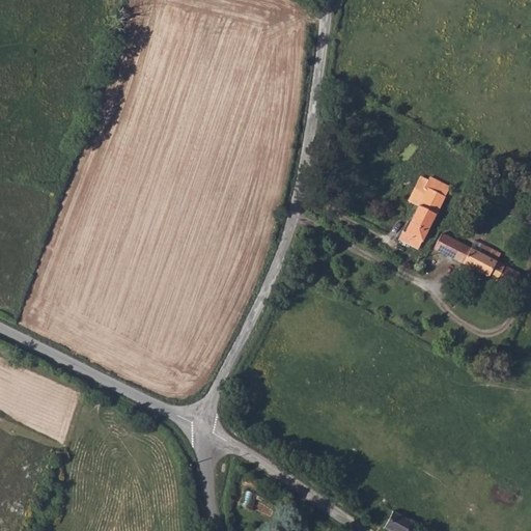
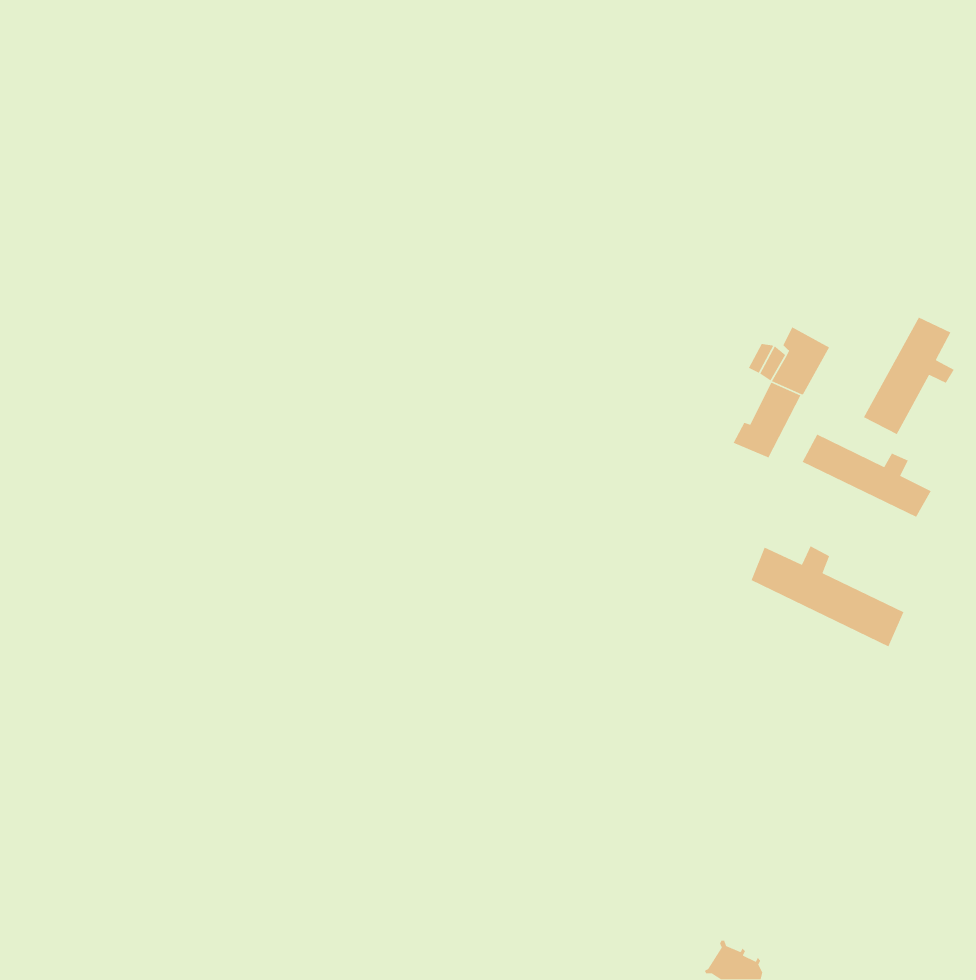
building: none -> [863,316,955,435]
building: none -> [750,545,904,648]

